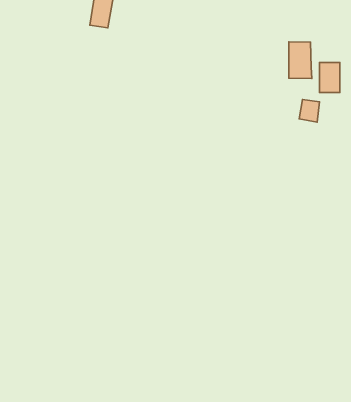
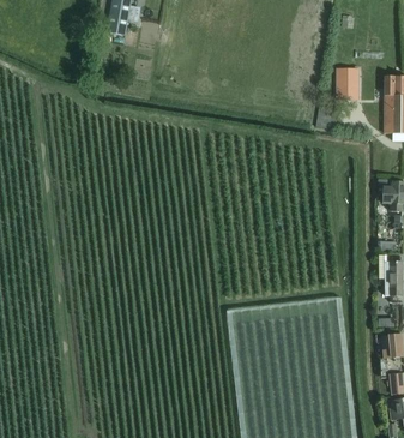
building: [289,42,312,79] -> none

